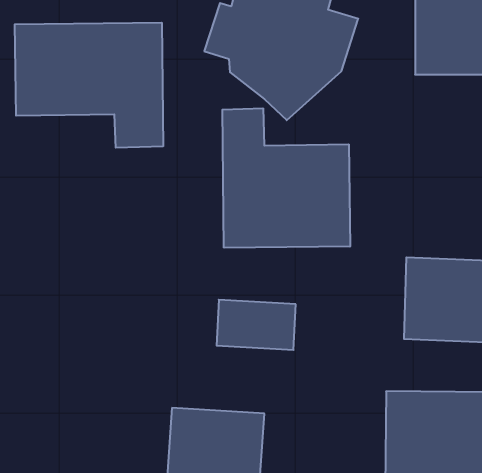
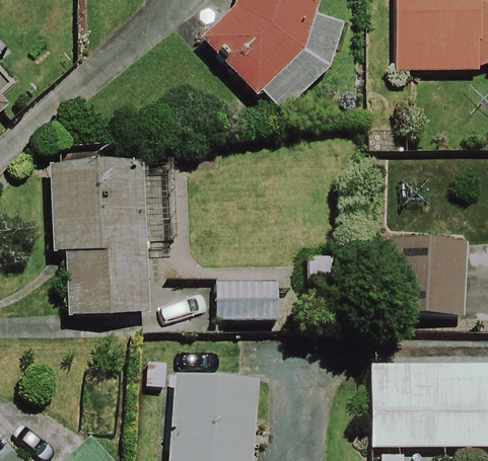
building: [15,23,163,148] -> none
building: [222,108,350,248] -> none
building: none -> [53,162,145,314]

